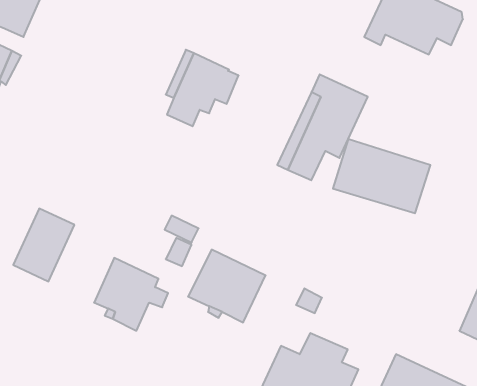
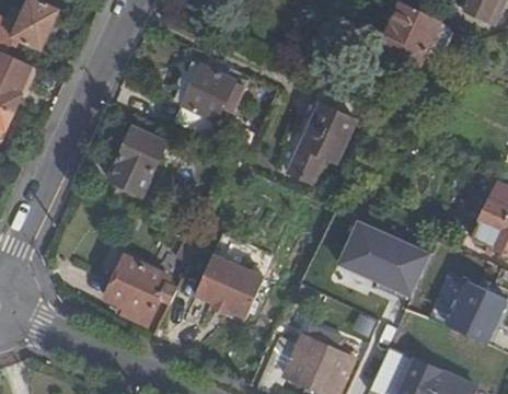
building: [333,139,430,213] -> [339,221,430,290]
building: [13,209,74,281] -> [108,129,165,197]

